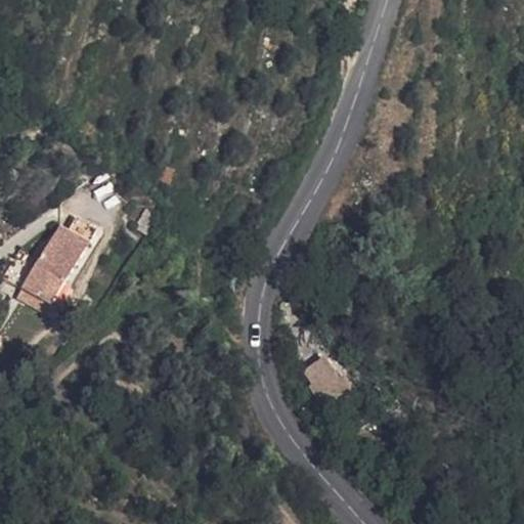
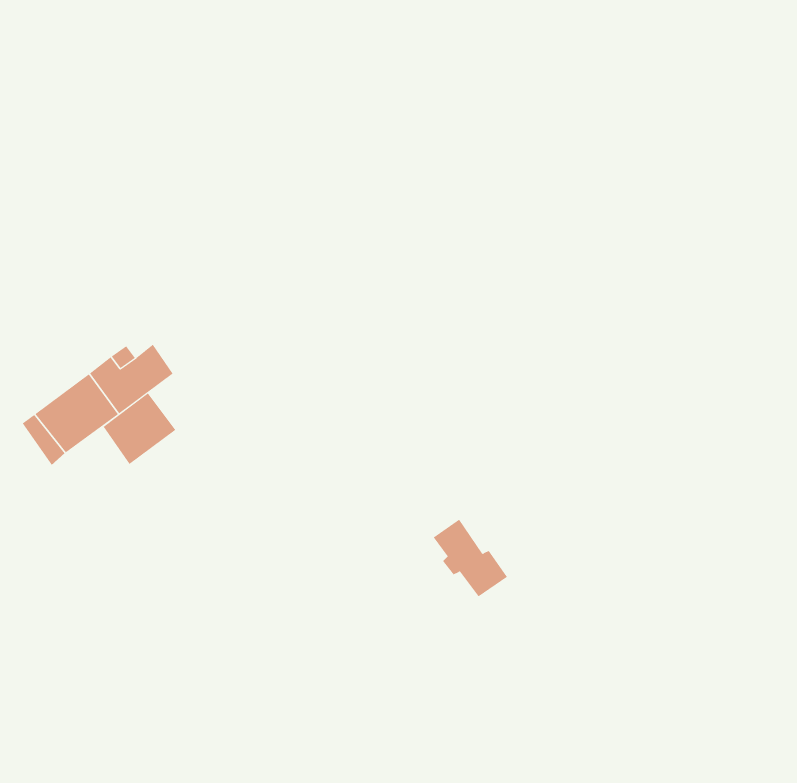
building: none -> [103,393,176,465]

